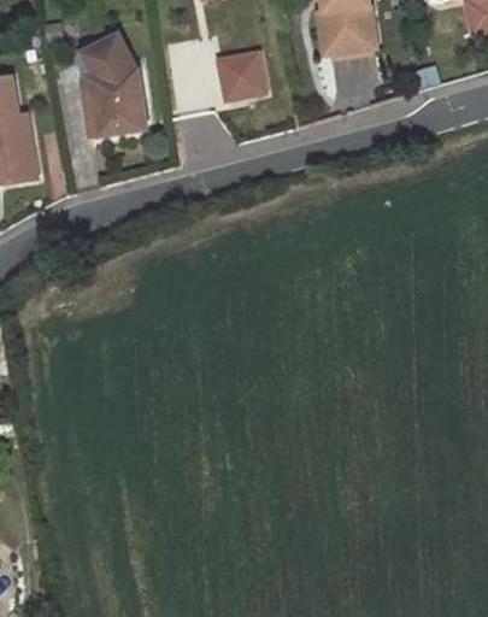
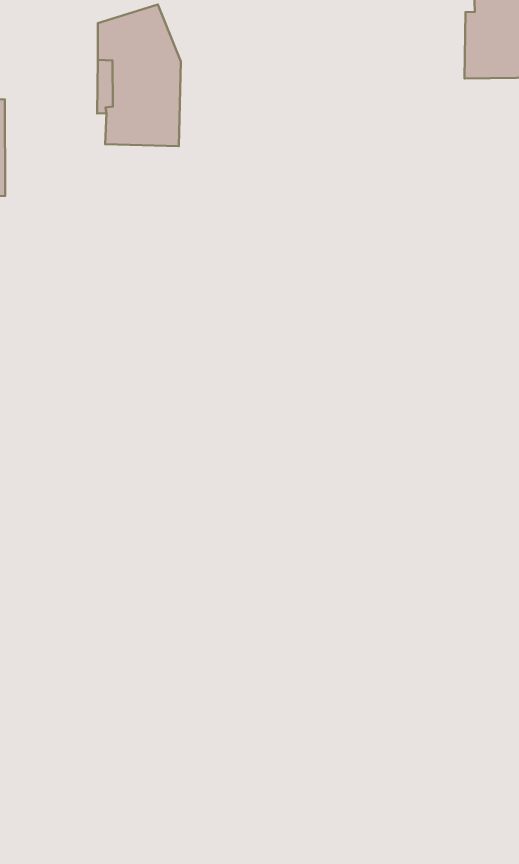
building: [217,48,269,104] -> none

